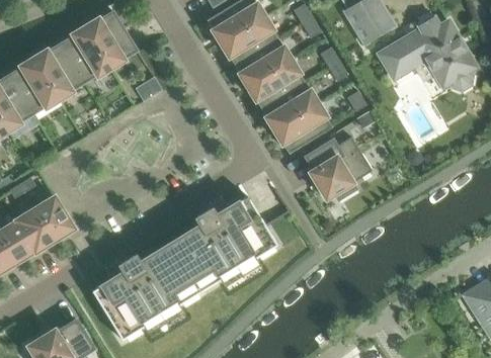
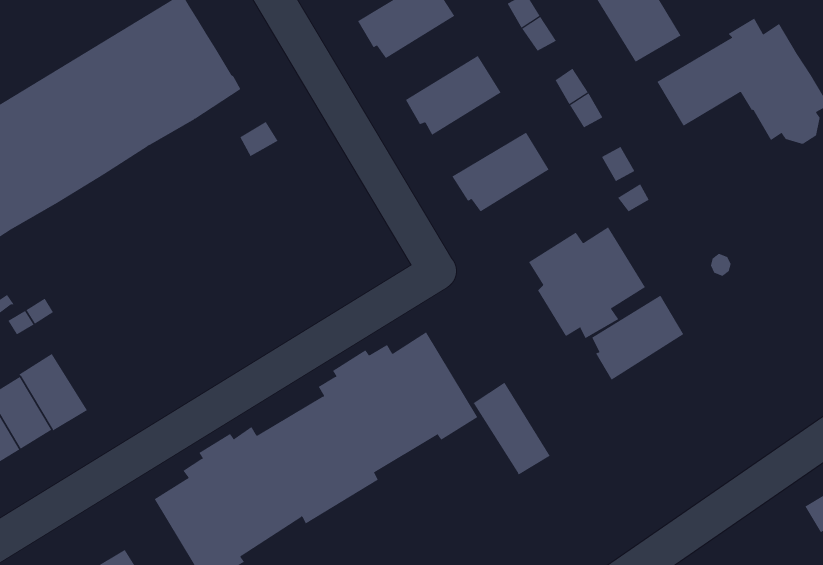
building: [224,16,276,64] -> none
building: [250,60,304,107] -> none
building: [277,103,330,152] -> [591,295,684,380]
building: [34,196,74,240] -> none
building: none -> [472,382,550,476]

